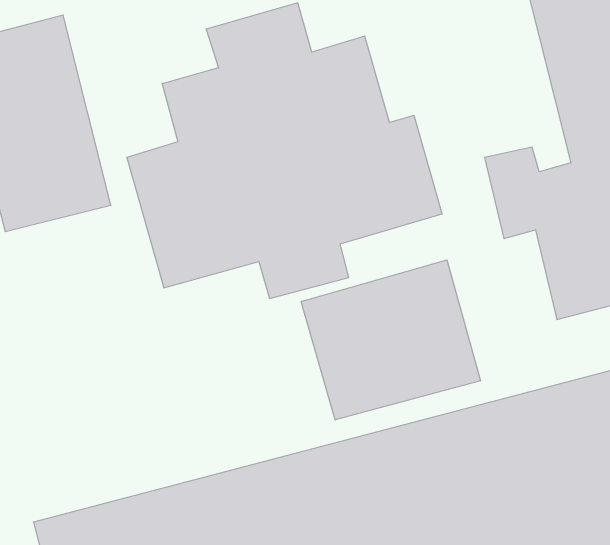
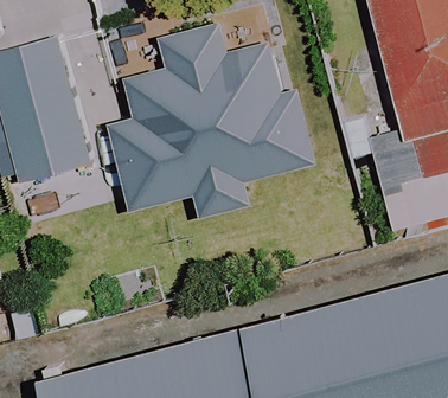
building: [301,260,480,420] -> none

